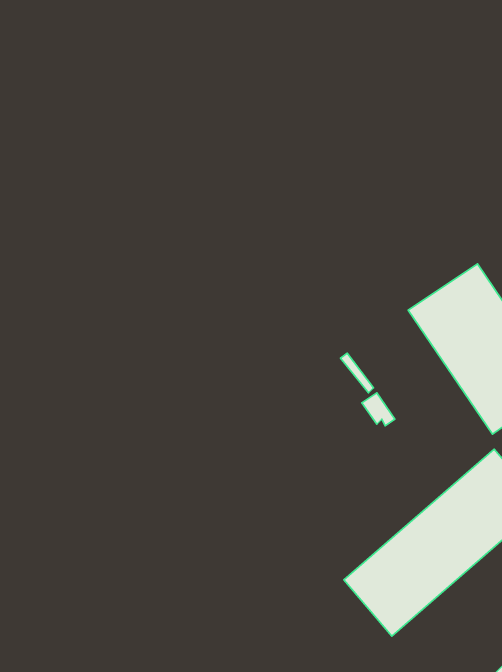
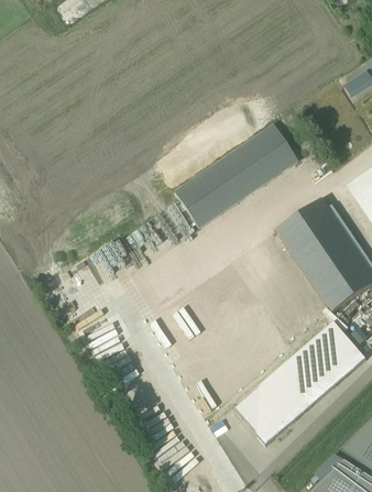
building: none -> [174,123,297,228]

